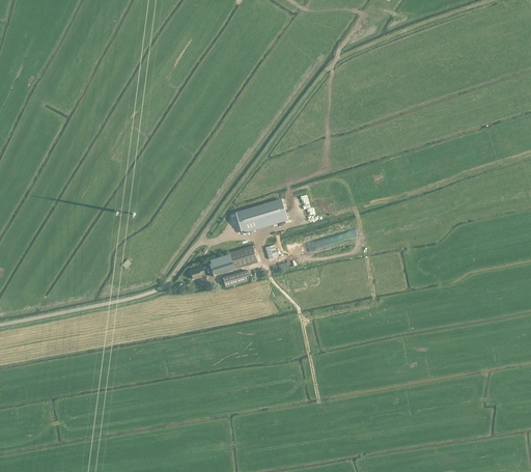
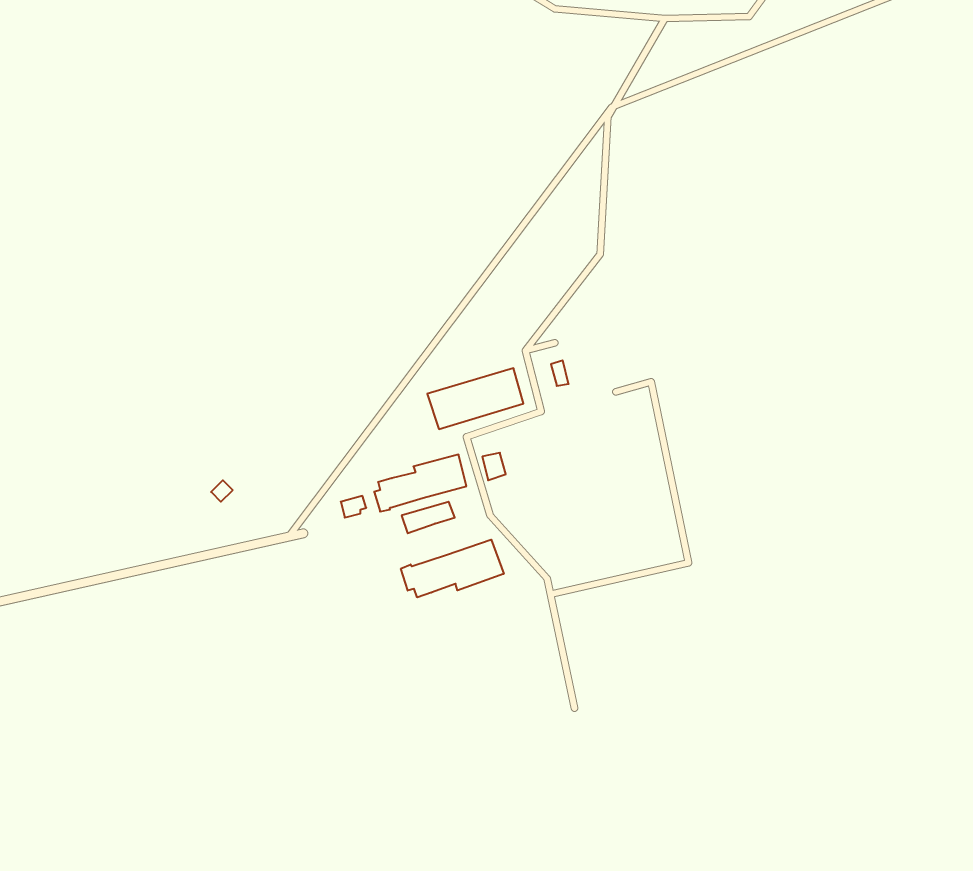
building: none -> [401,540,504,597]

